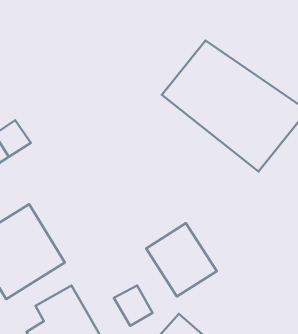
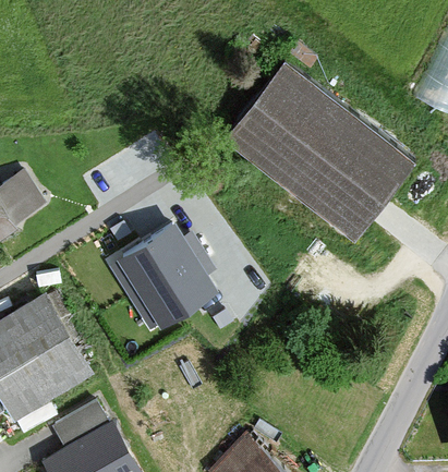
building: [146,223,217,297] -> [122,219,217,317]
building: [114,285,153,326] -> none

